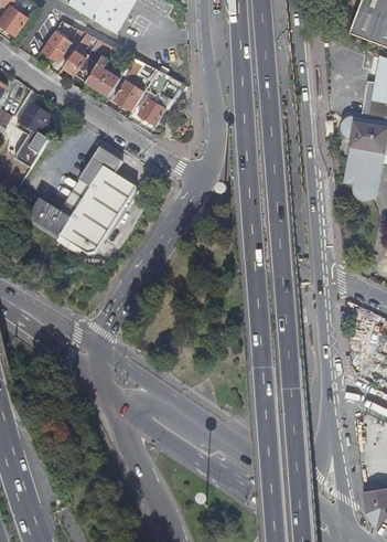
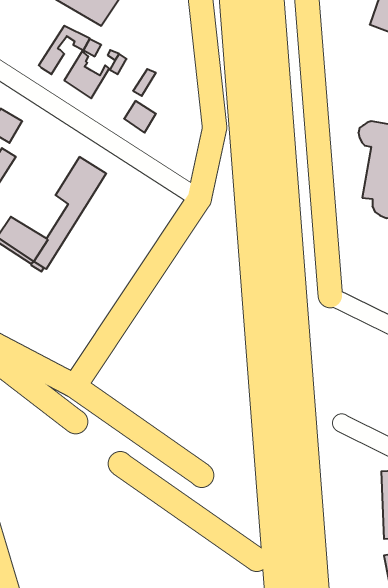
building: [42,31,72,63] -> none
building: [114,81,144,111] -> none
building: [71,173,136,254] -> none

